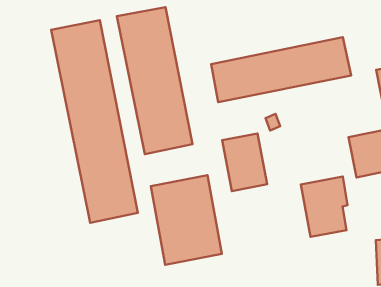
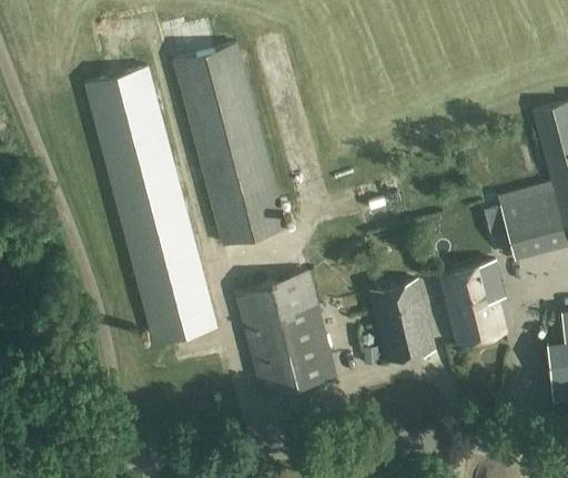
building: [211,37,351,102] -> none
building: [222,133,267,191] -> [371,282,436,363]

